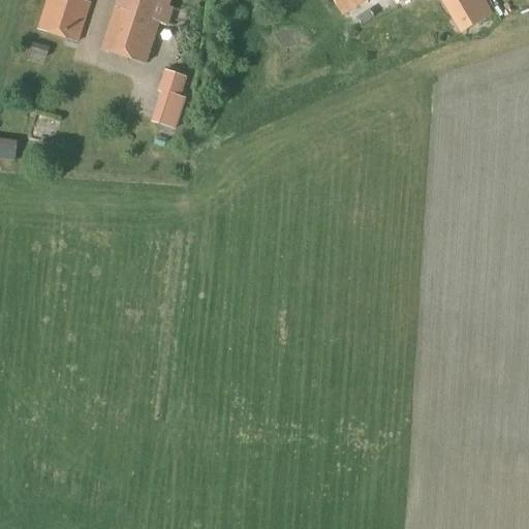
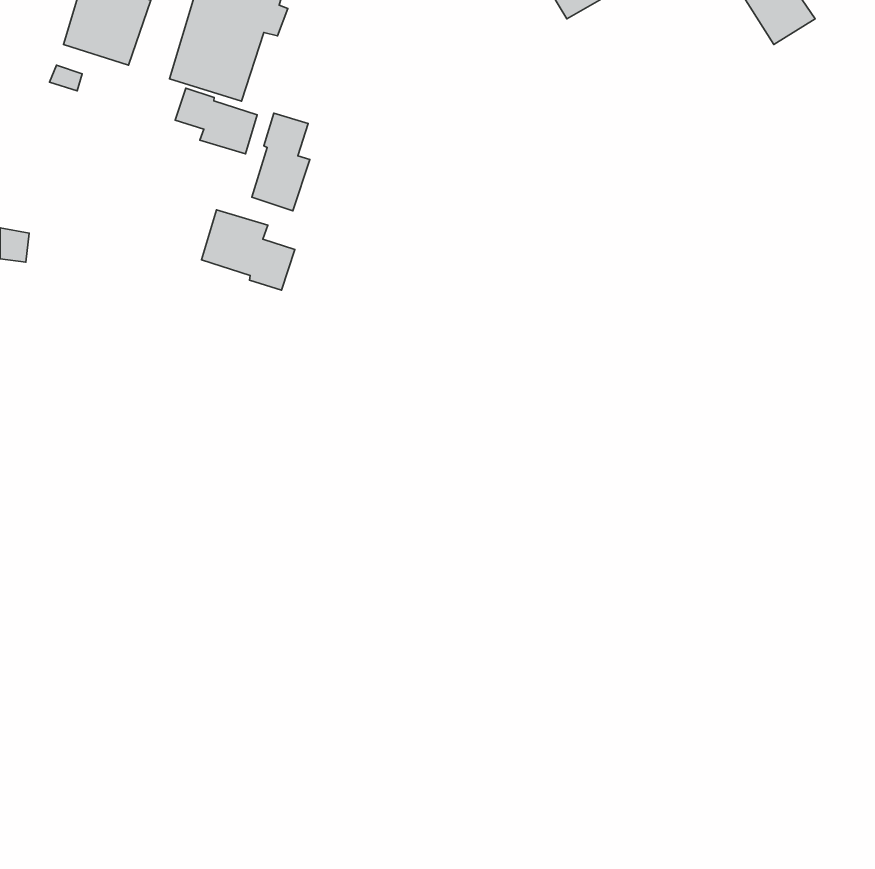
building: none -> [175,88,257,154]
building: none -> [202,210,295,290]

